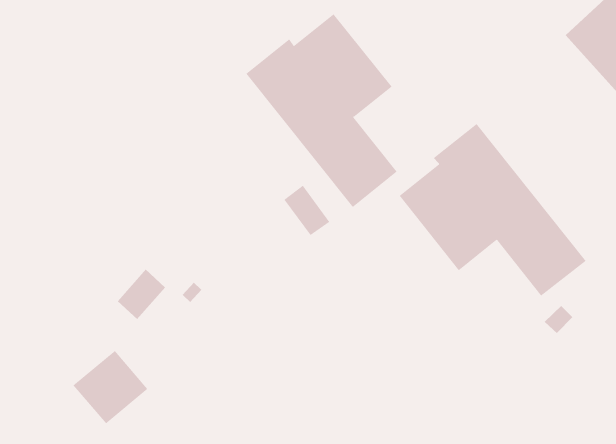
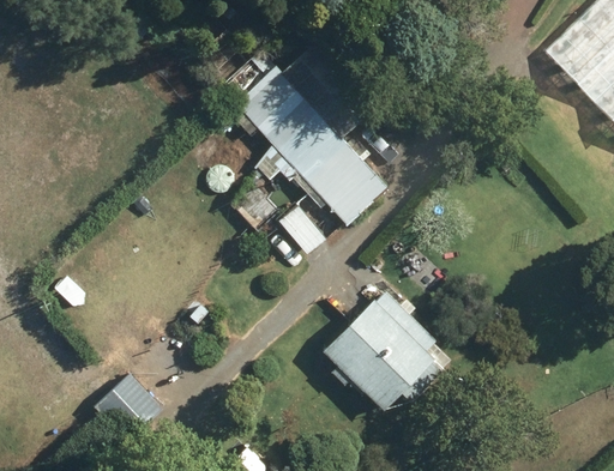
building: [399,123,586,297] -> none
building: none -> [325,292,445,411]

